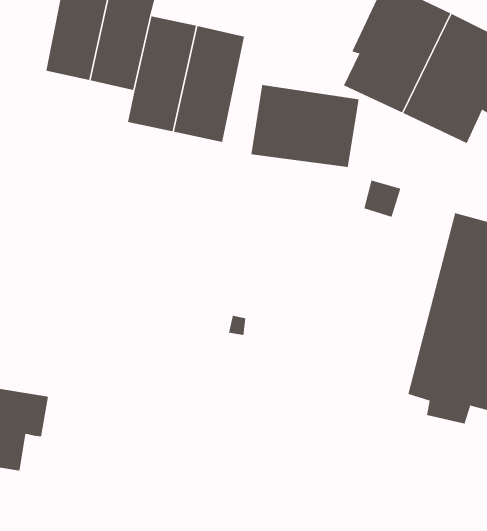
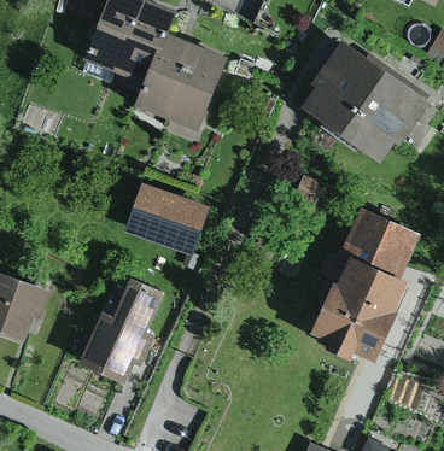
building: [251,84,359,168] -> [123,182,206,251]
building: none -> [75,277,159,383]

